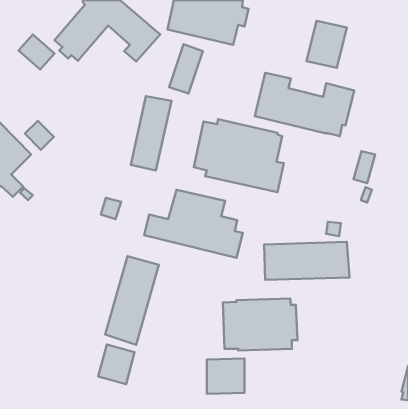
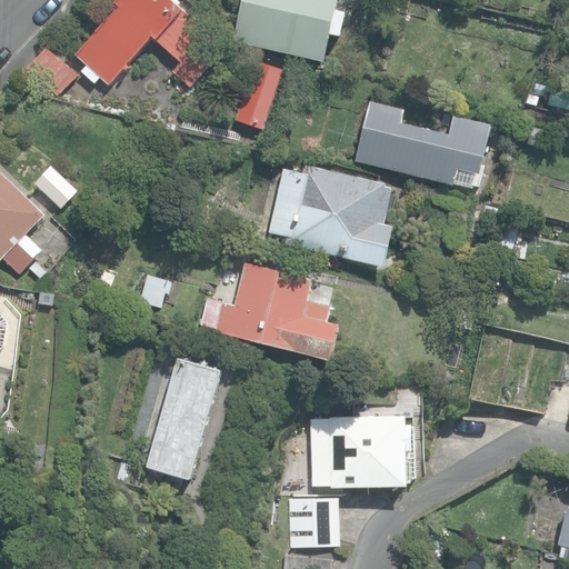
building: [307,21,347,68] -> none
building: [131,96,172,170] -> none
building: [264,242,350,280] -> none
building: [98,345,134,384] -> none

